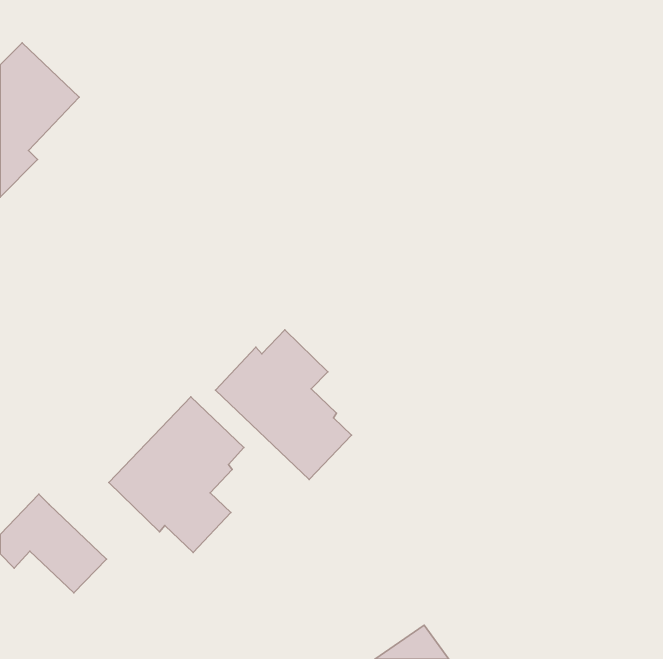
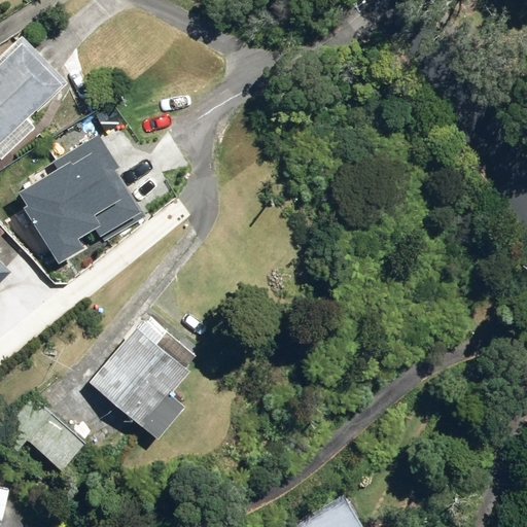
building: none -> [14,142,143,269]
building: [216,330,352,480] -> none

